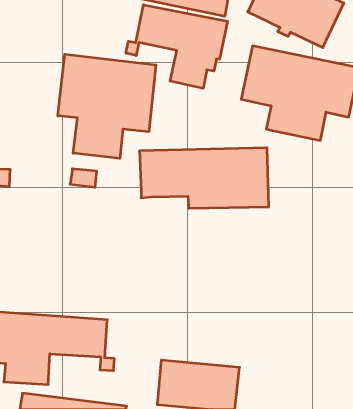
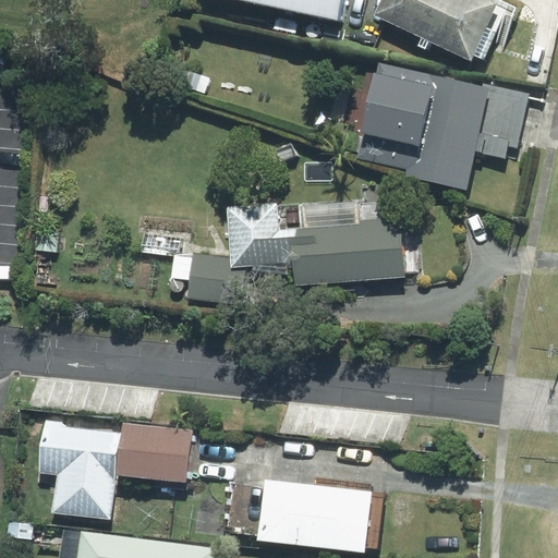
building: [126,5,228,88] -> none
building: [58,54,156,158] -> none
building: none -> [171,251,246,305]

